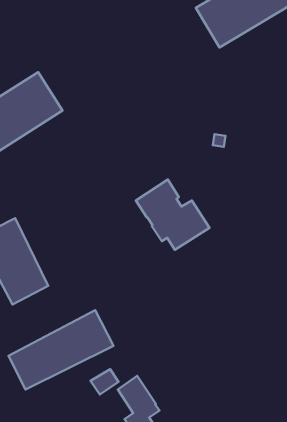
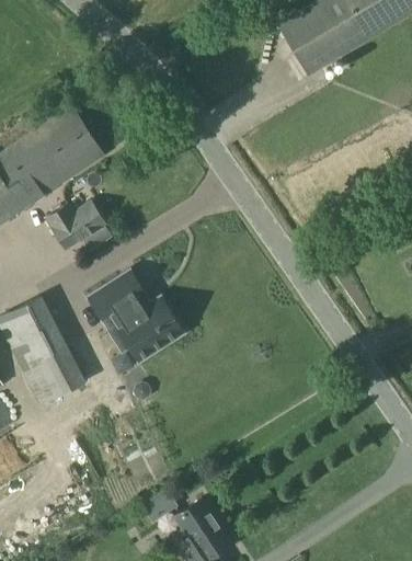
building: none -> [47,202,112,251]
building: [136,179,210,250] -> [89,270,184,360]
building: [9,310,113,390] -> none

